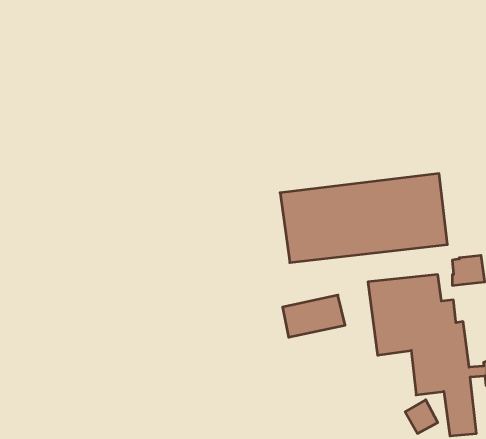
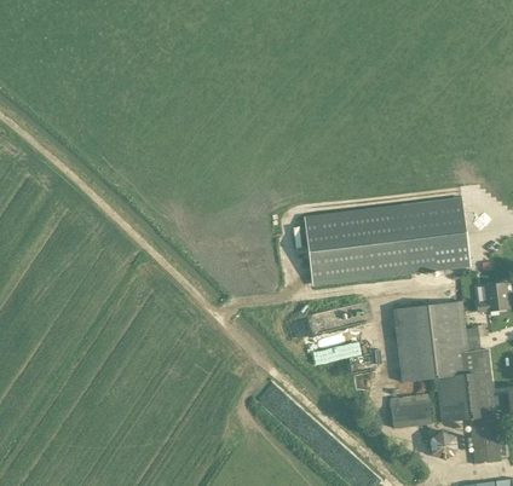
building: none -> [388,392,432,427]

